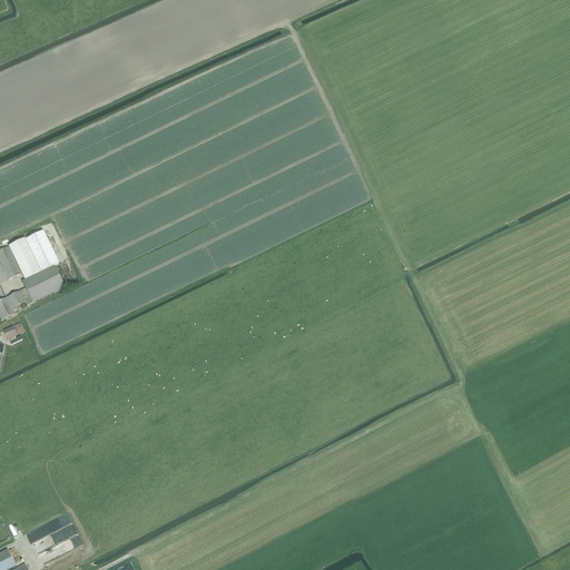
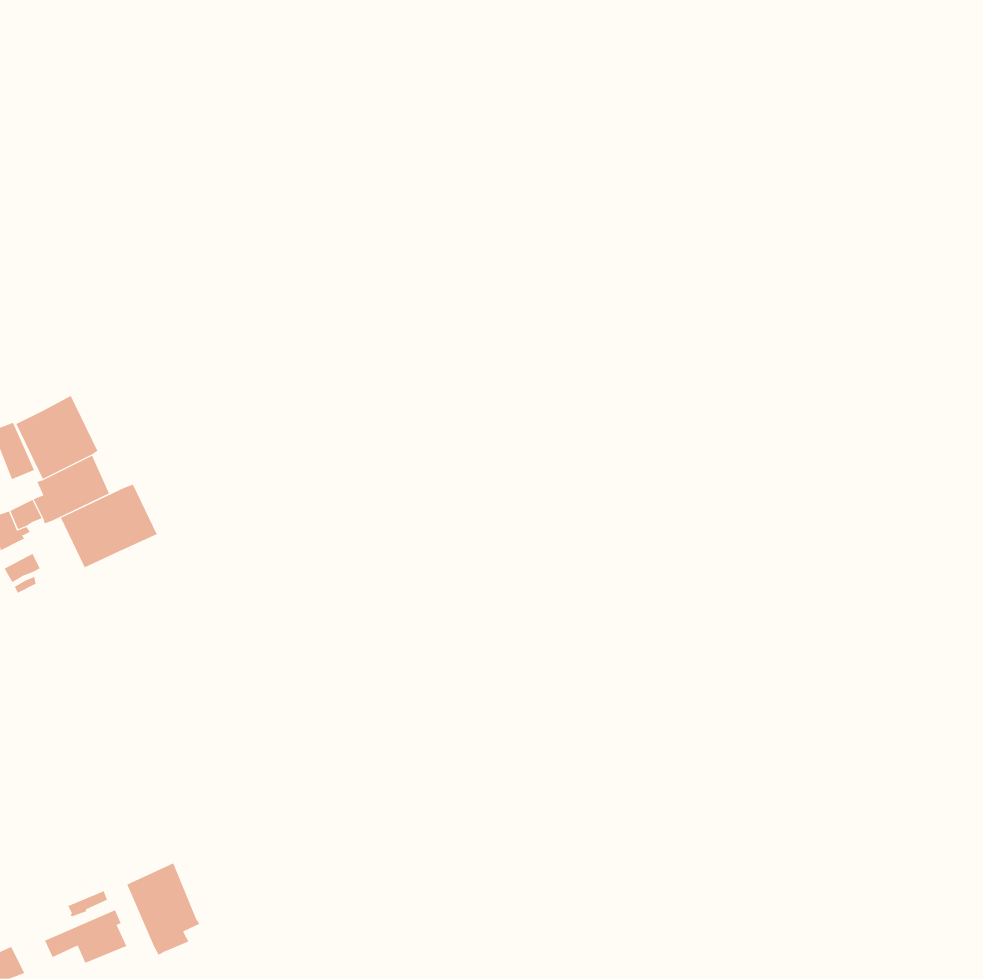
building: none -> [60,484,158,568]
building: none -> [126,862,200,956]

